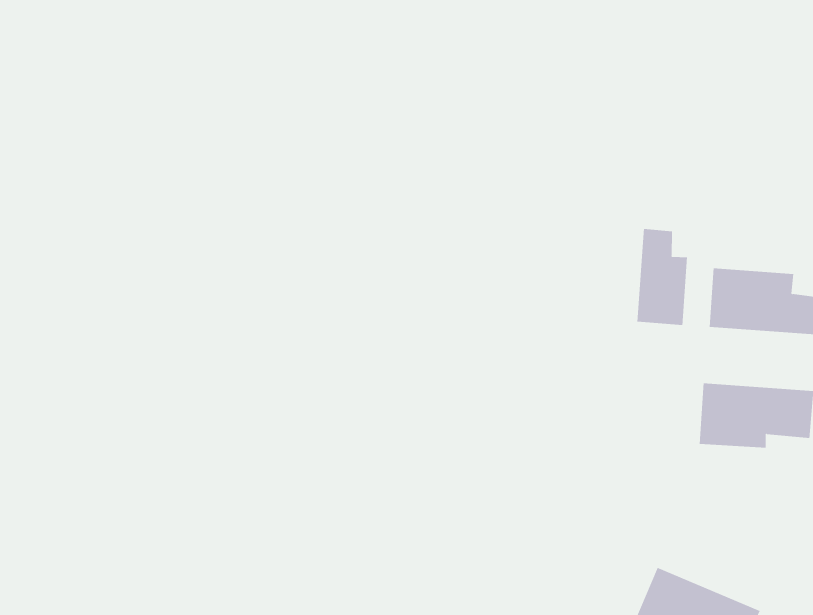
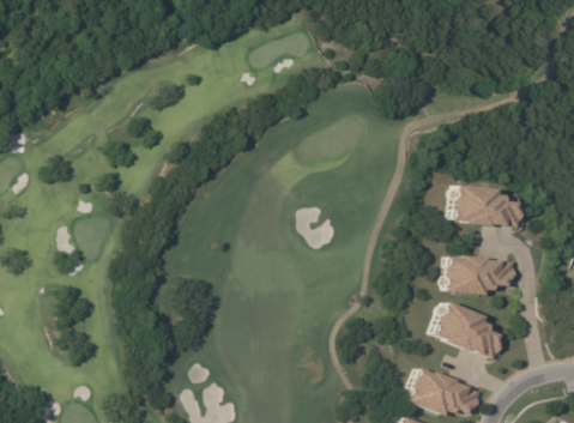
building: [637,228,687,326] -> none
building: none -> [434,302,506,358]

